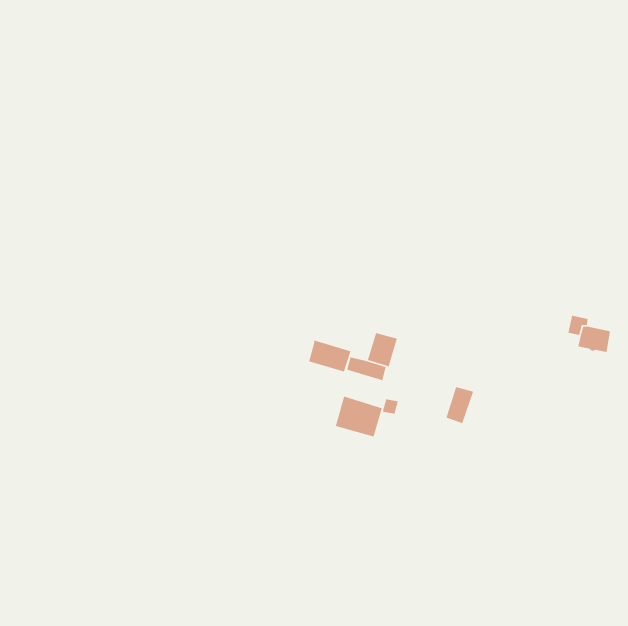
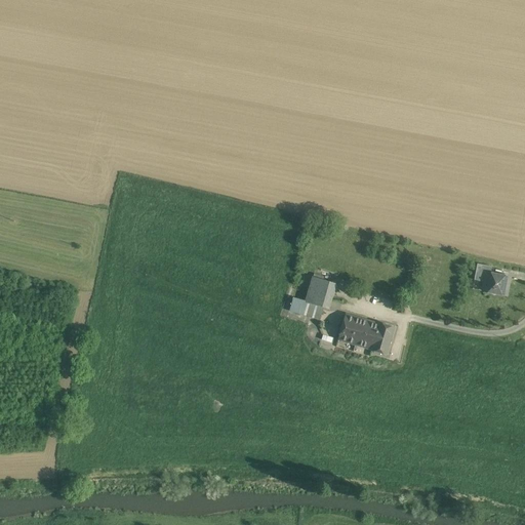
building: [308,339,352,373] -> none
building: [335,396,383,437] -> [338,313,378,348]

